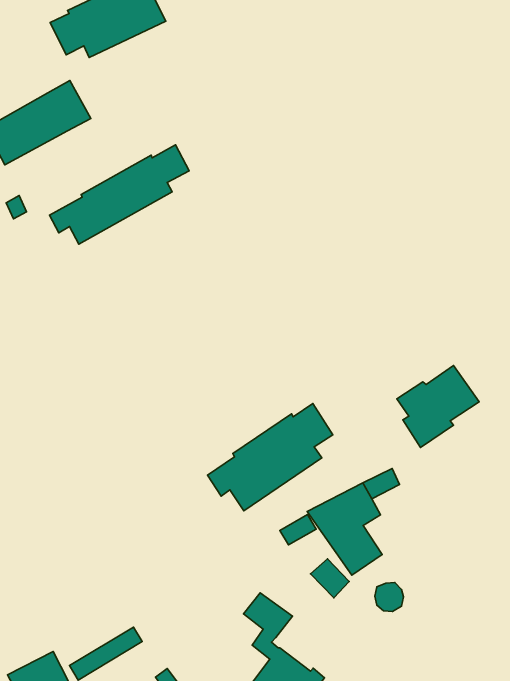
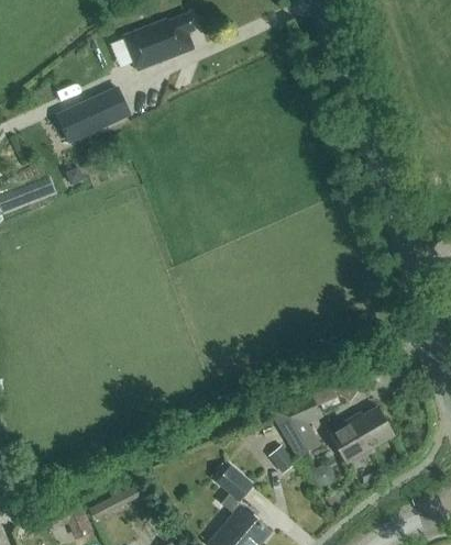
building: [50,145,189,244] -> none
building: [397,366,479,447] -> [333,407,393,464]
building: [207,404,333,511] -> none

